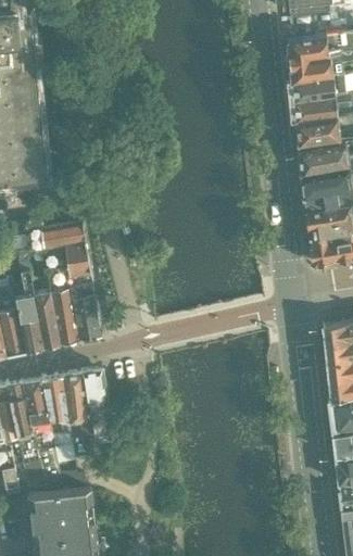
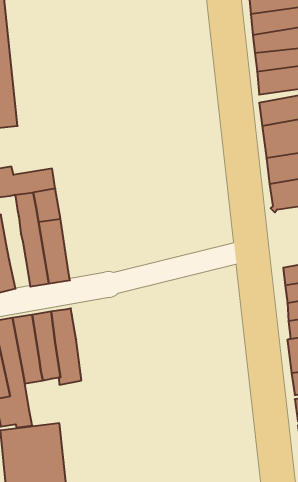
building: [35,291,60,349] -> none

